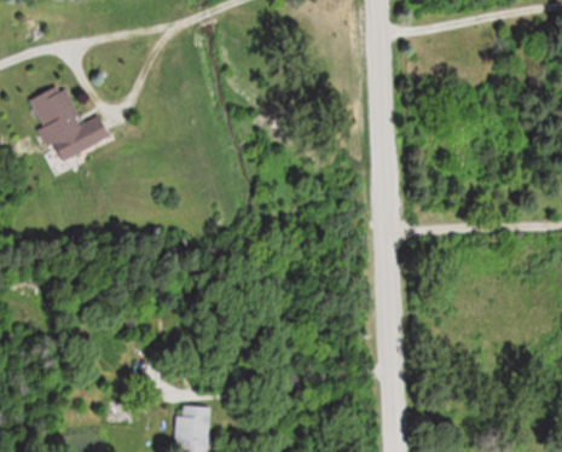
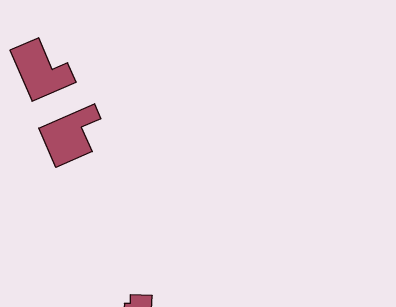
building: none -> [39,104,101,167]

